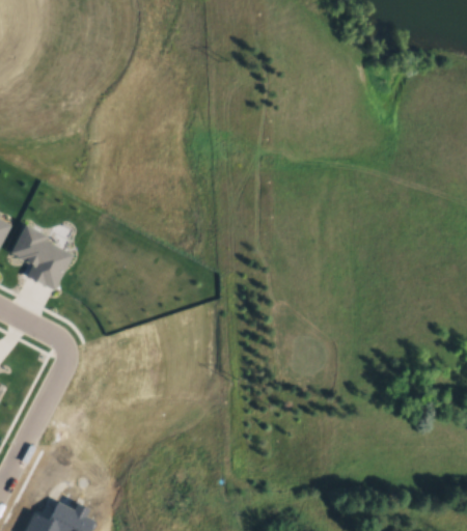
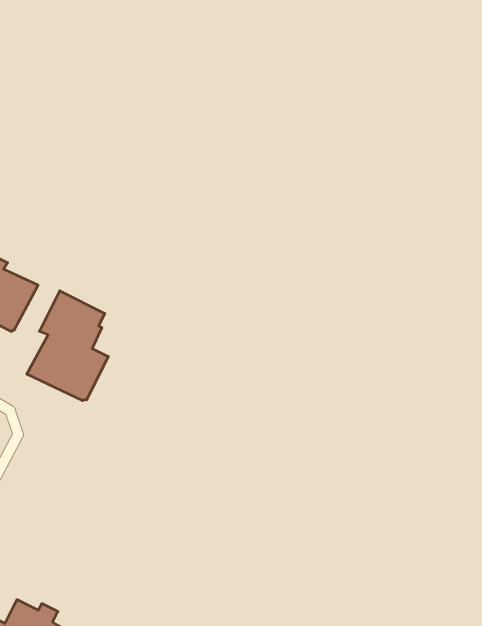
building: none -> [27,291,108,401]

